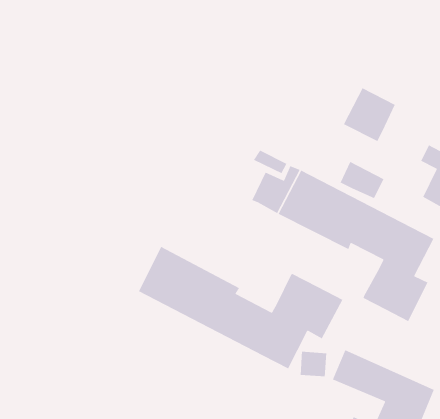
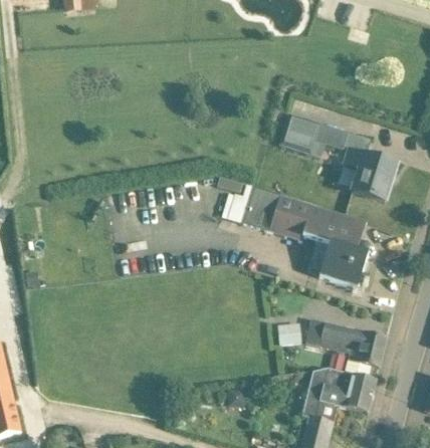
building: [339,161,385,199] -> [313,124,348,150]
building: [138,246,344,370] -> none

